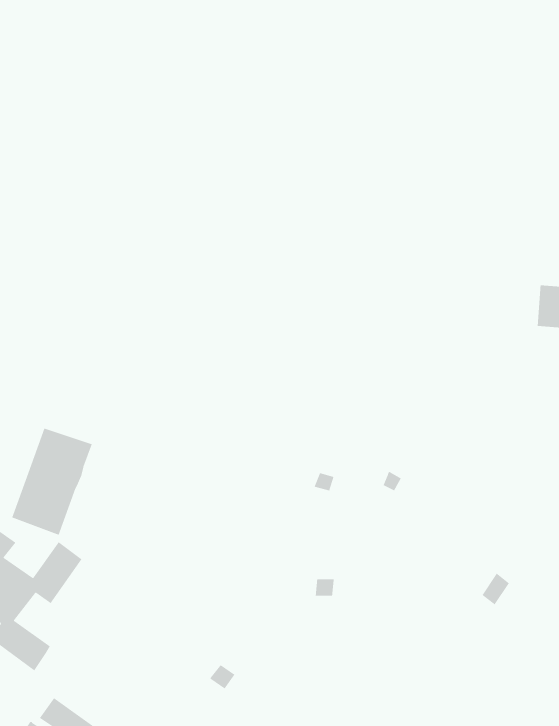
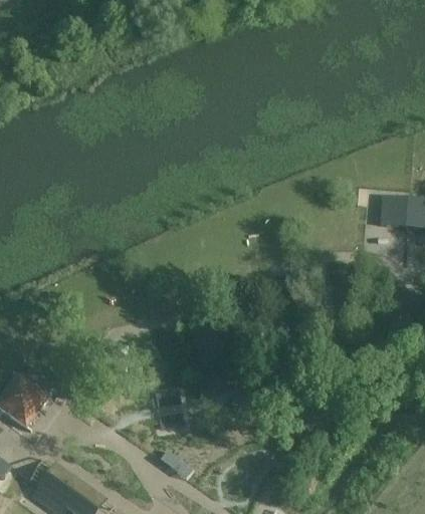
building: [11,428,93,536] -> none

